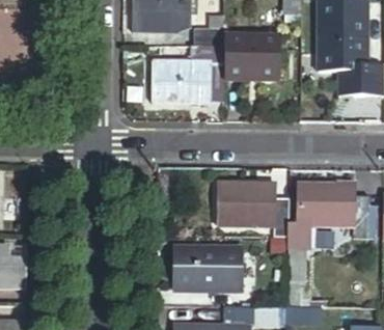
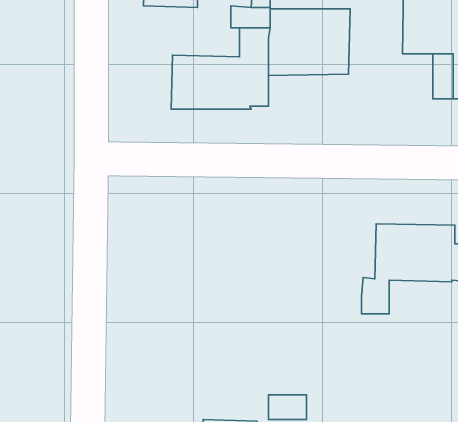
building: [217,185,289,237] -> none
building: [172,248,241,291] -> none

